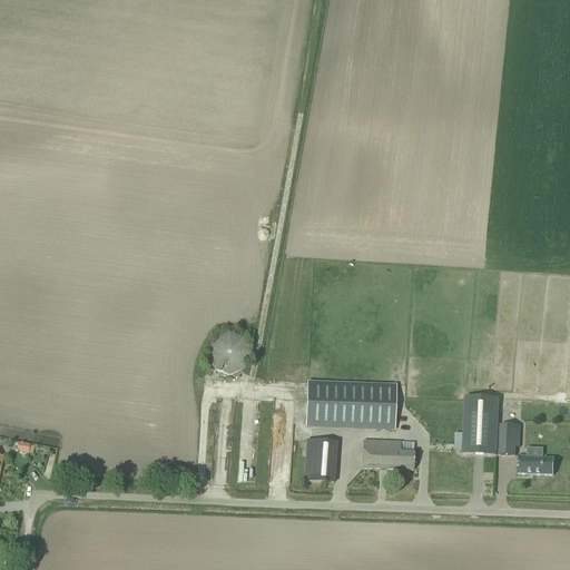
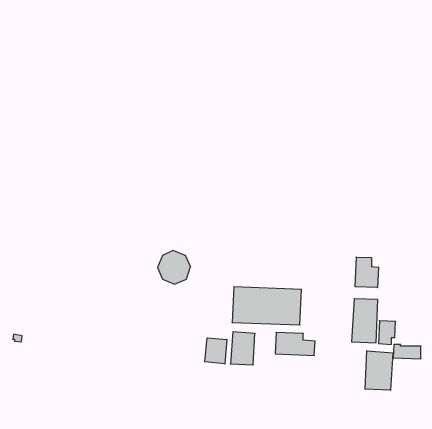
building: none -> [355,257,378,288]
building: none -> [205,338,227,364]
building: none -> [365,351,393,390]

